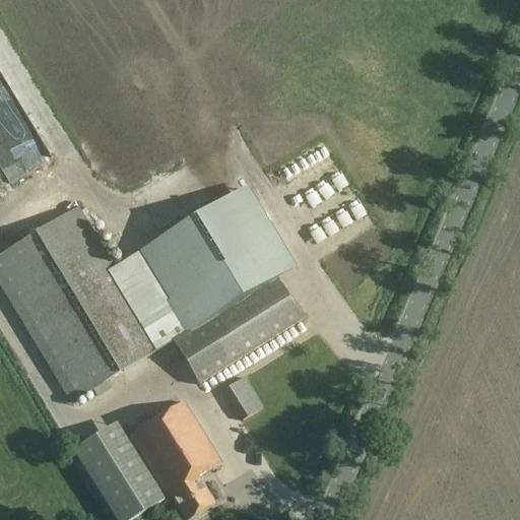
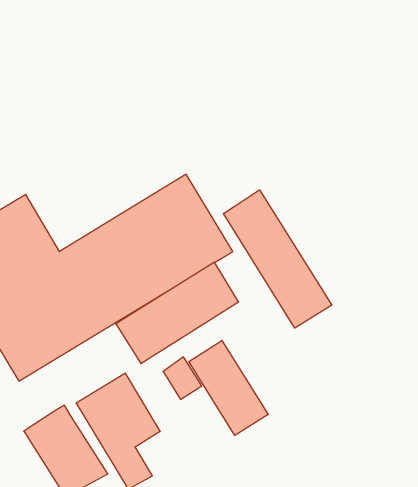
building: none -> [223,190,332,328]
building: none -> [189,340,268,435]

